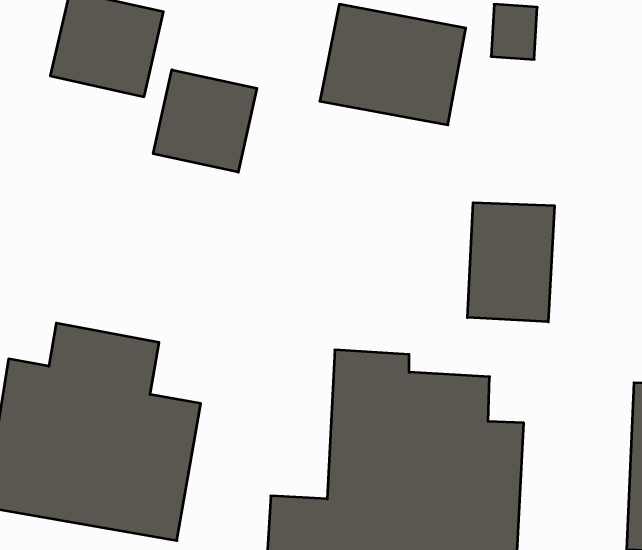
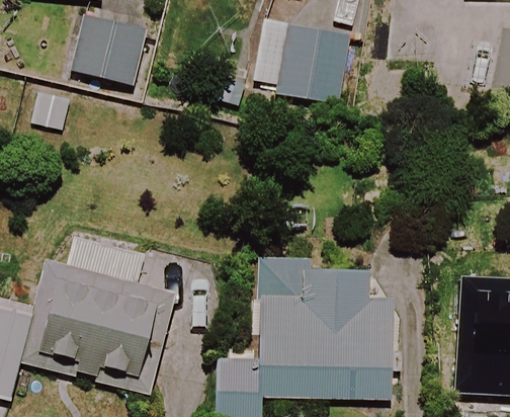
building: [153,70,257,172] -> none
building: [467,203,554,322] -> none

